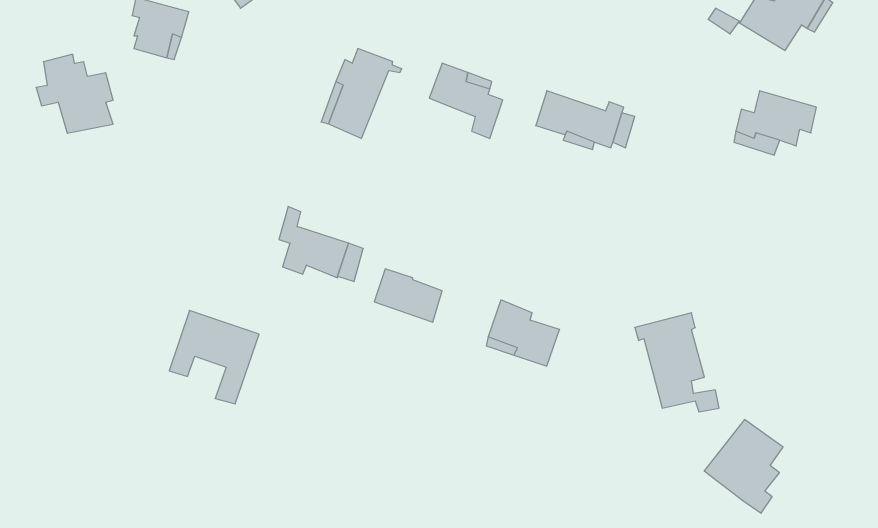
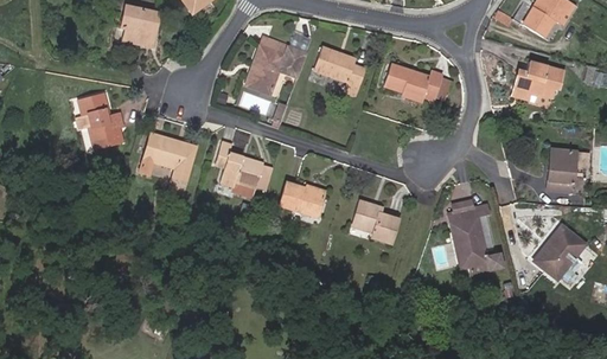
building: [36,54,113,133] -> [74,96,123,147]
building: none -> [548,152,589,193]
building: [169,310,259,404] -> [138,132,196,192]
building: [704,420,783,513] -> [536,229,587,289]

